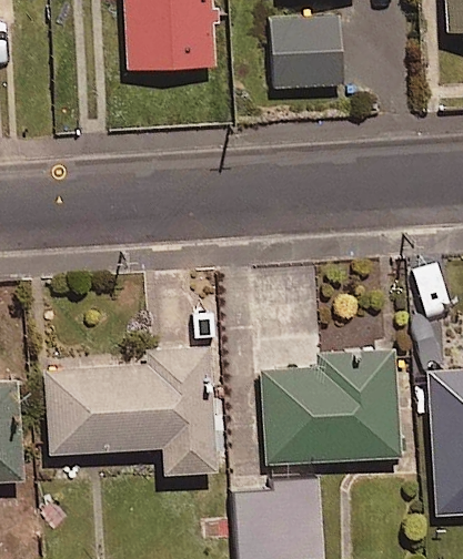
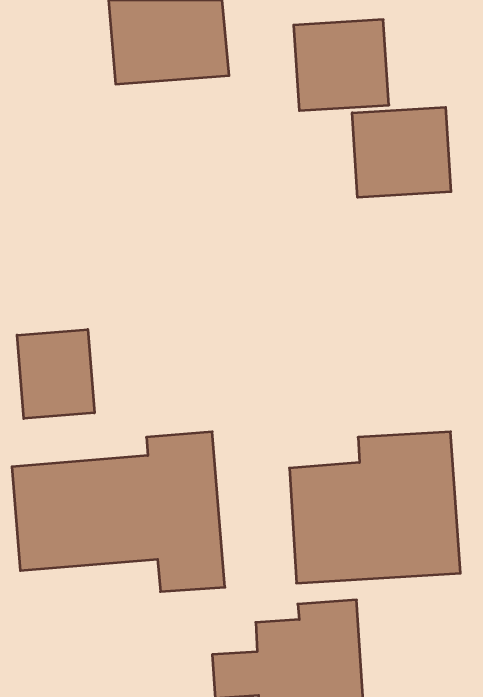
building: none -> [352,107,451,197]
building: none -> [17,329,94,419]

